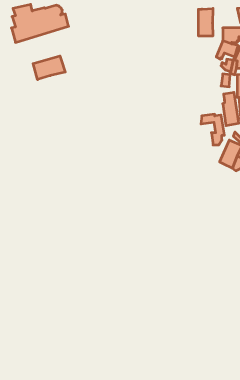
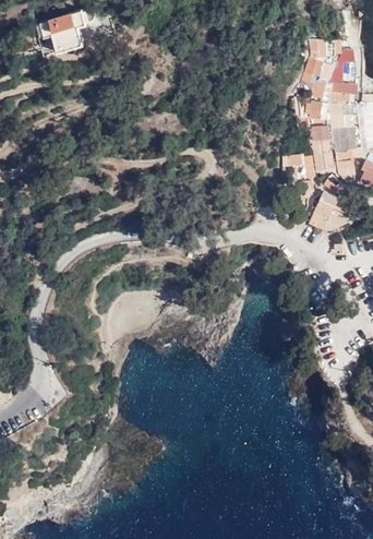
building: [198,8,213,36] -> none
building: [33,56,65,80] -> none

